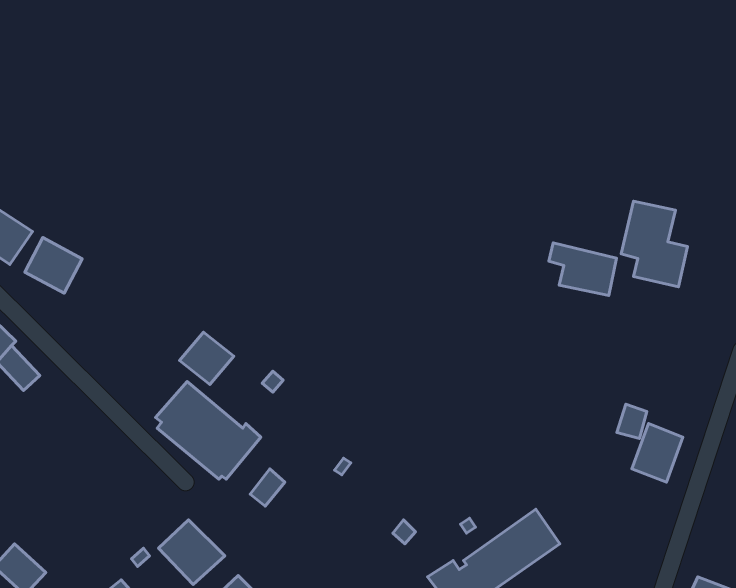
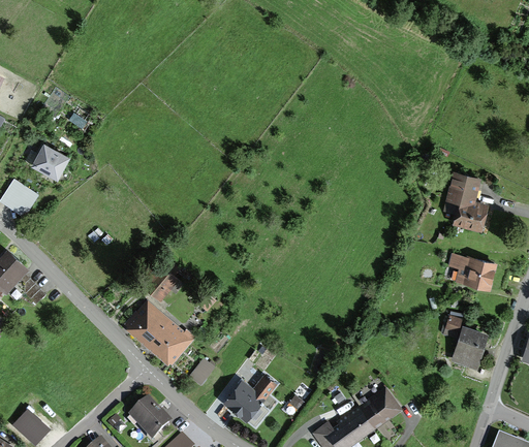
building: [25,238,82,293] -> [31,143,70,182]
building: [549,243,616,296] -> [447,253,494,289]
building: none -> [221,376,276,425]

